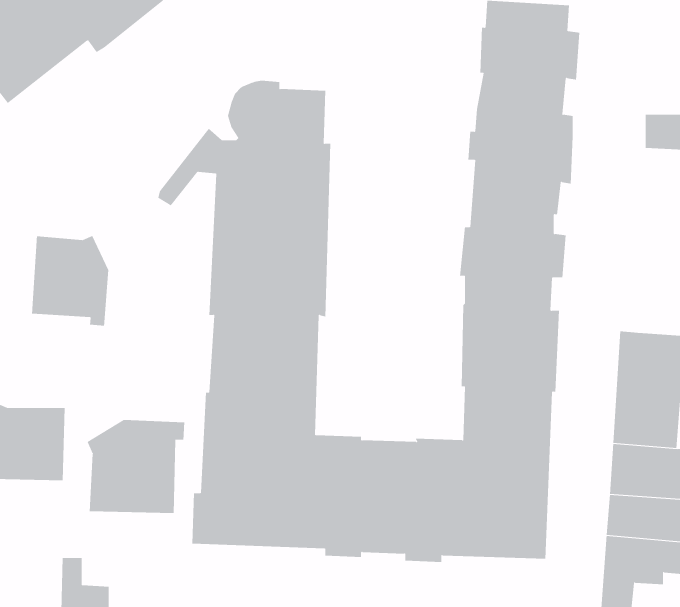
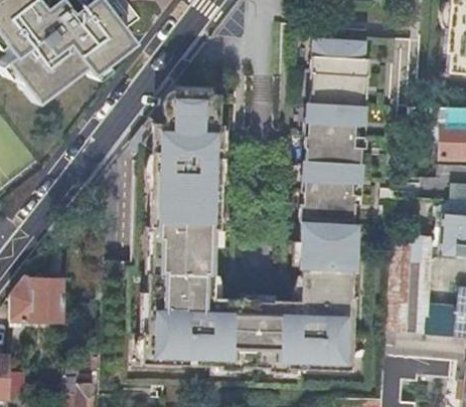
building: [32,235,109,327] -> none
building: [87,419,185,514] -> none

